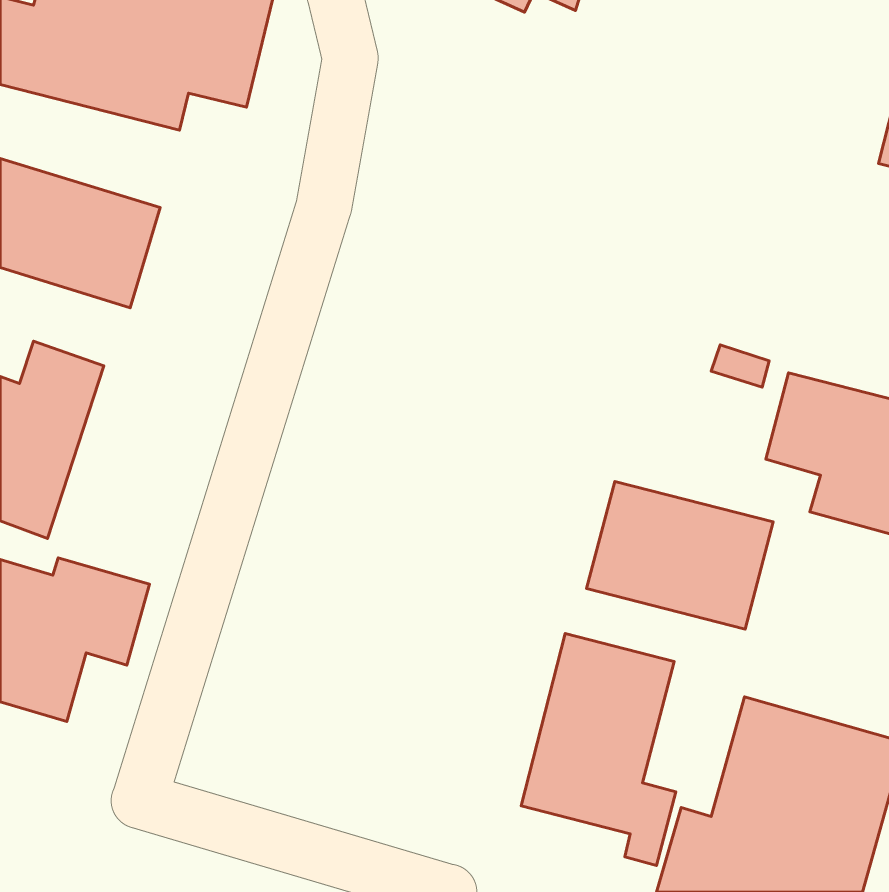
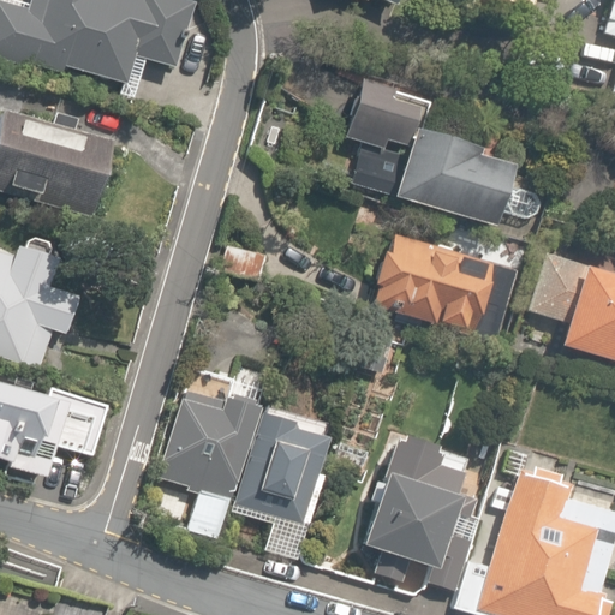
building: none -> [344,80,548,231]
building: [587,481,773,629] -> [365,232,492,333]
building: none -> [157,394,256,536]
building: none -> [237,406,332,526]

